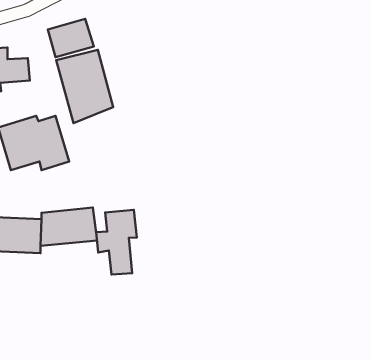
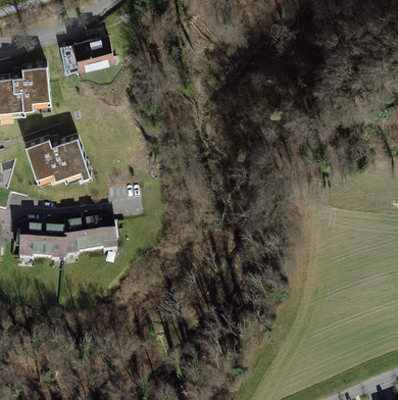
building: [56,50,113,123] -> none
building: [96,210,137,275] -> none

